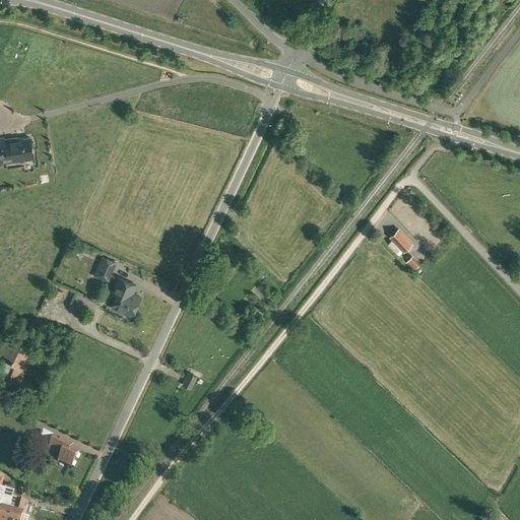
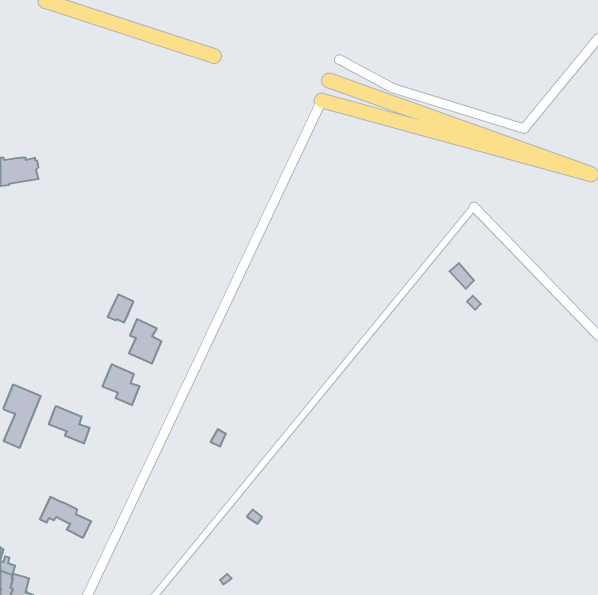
building: none -> [103,364,139,405]
building: none -> [49,406,89,444]

